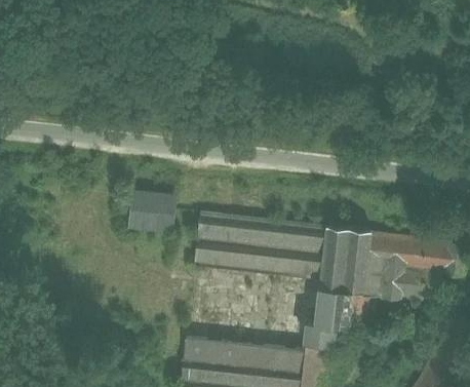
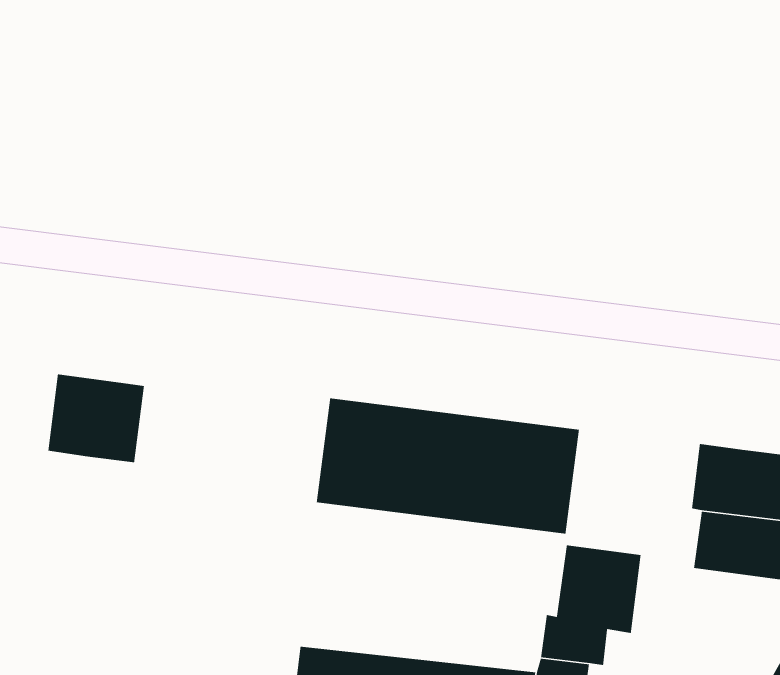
building: [125,187,175,233] -> [47,374,145,463]
building: [318,226,373,292] -> none

